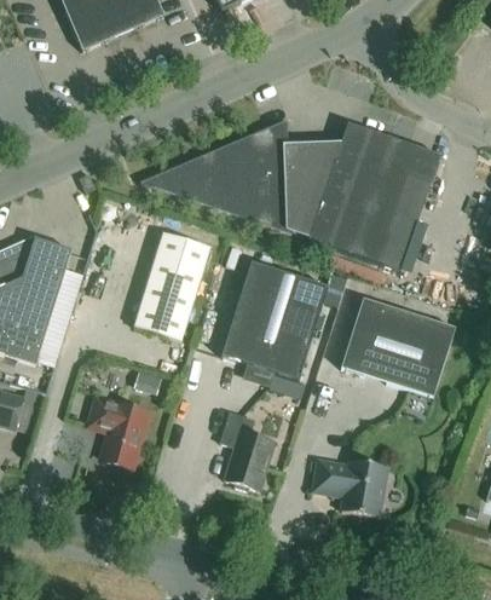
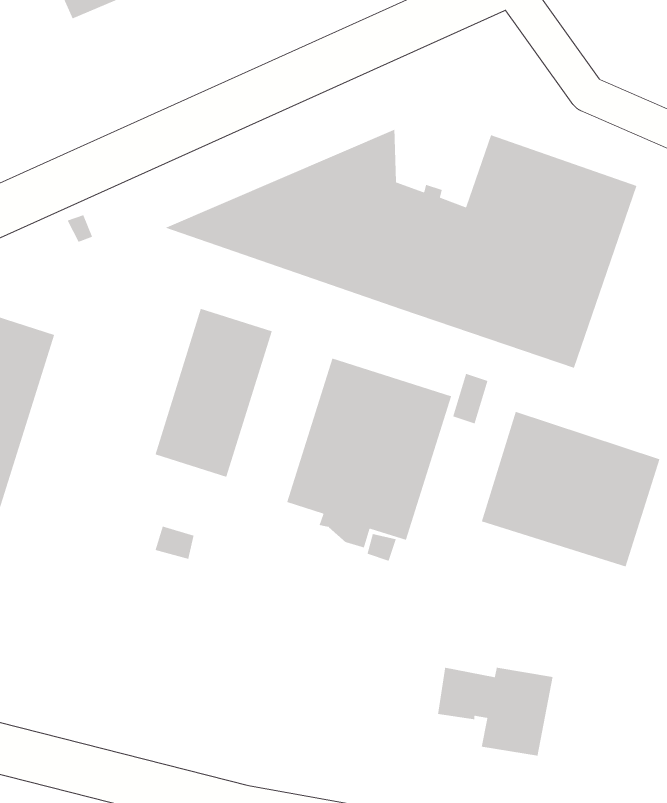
building: [91,397,148,466] -> none
building: [221,410,276,489] -> none

